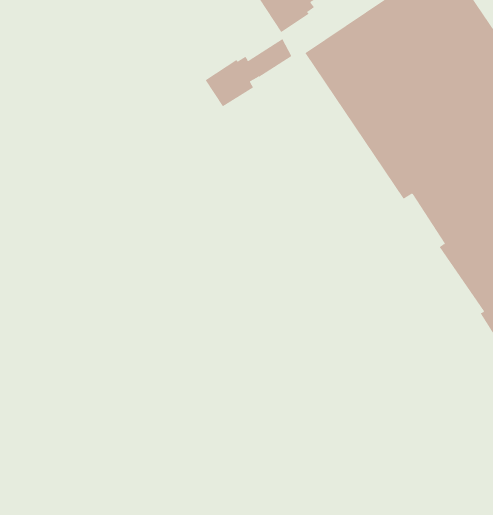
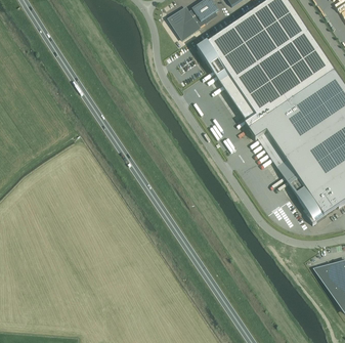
building: [205,38,292,107] -> none

